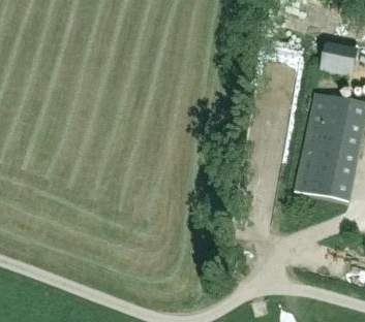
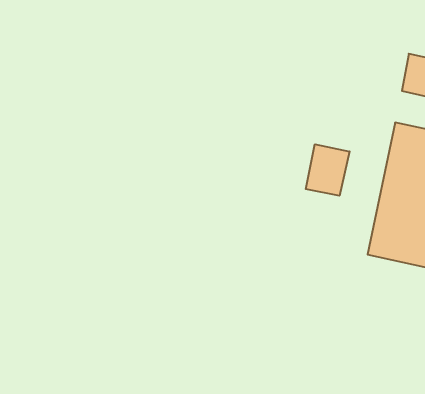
building: none -> [306,144,350,196]

